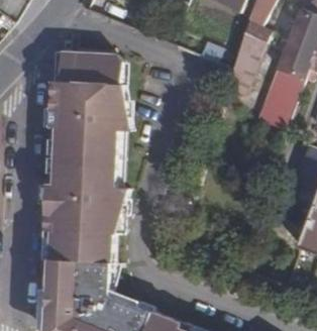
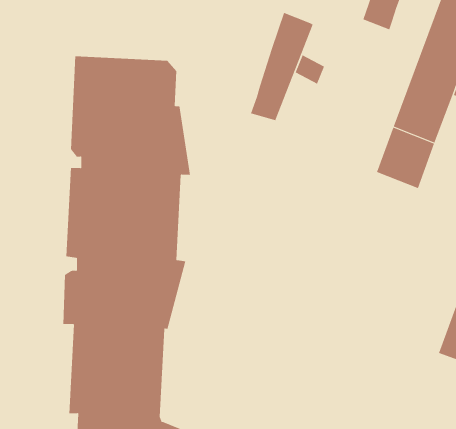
building: [224,25,267,98] -> [250,12,314,121]

